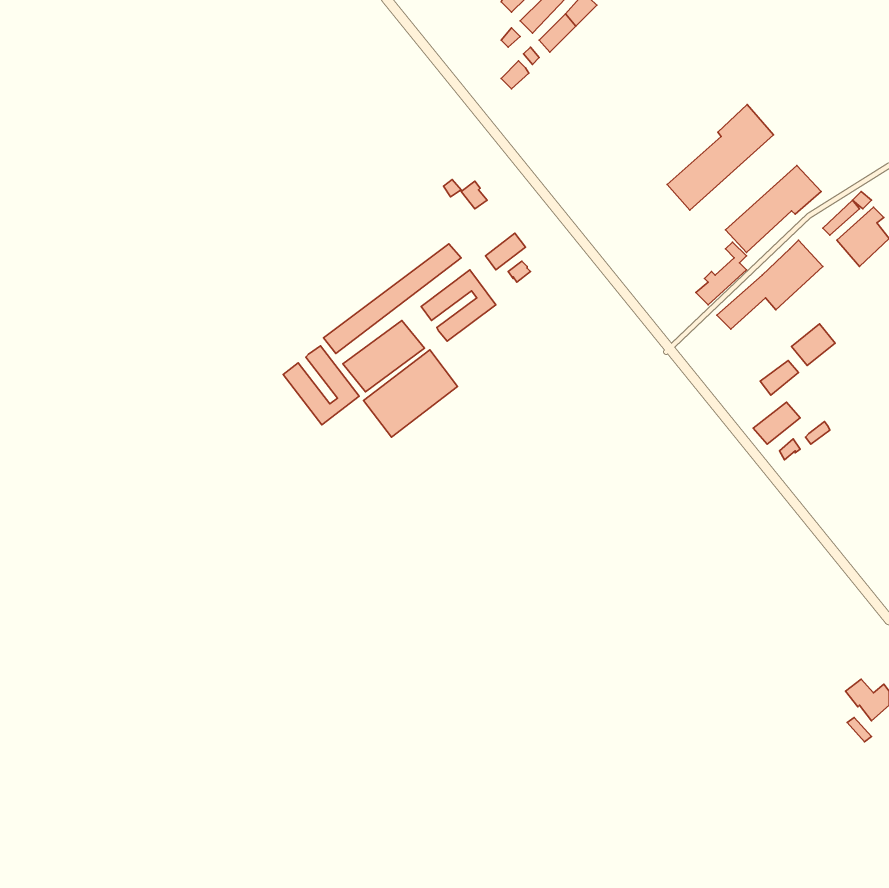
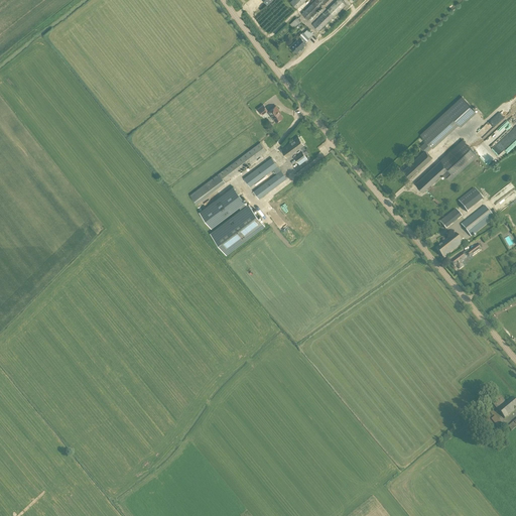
building: [667,105,774,210] -> none
building: [283,346,359,425] -> none
building: none -> [461,205,495,237]

